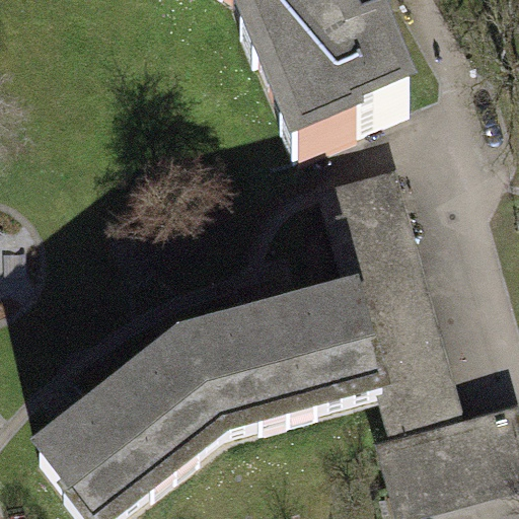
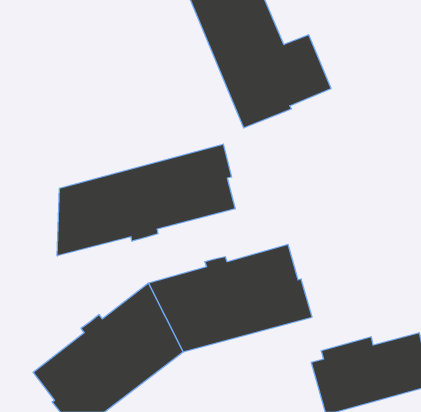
building: [324,172,457,431] -> none
building: none -> [57,144,235,256]

